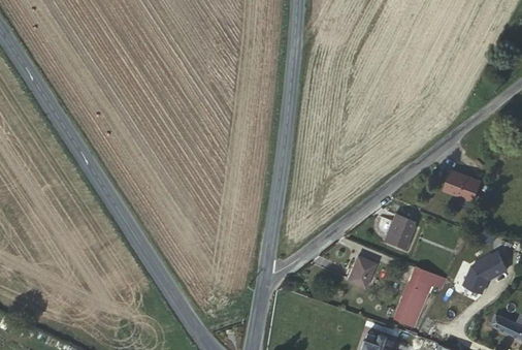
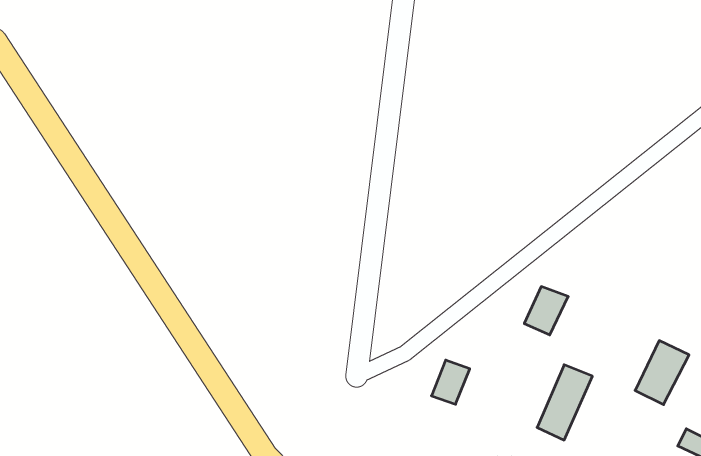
building: [444,169,483,200] -> none
building: [352,253,380,285] -> [431,360,470,404]

